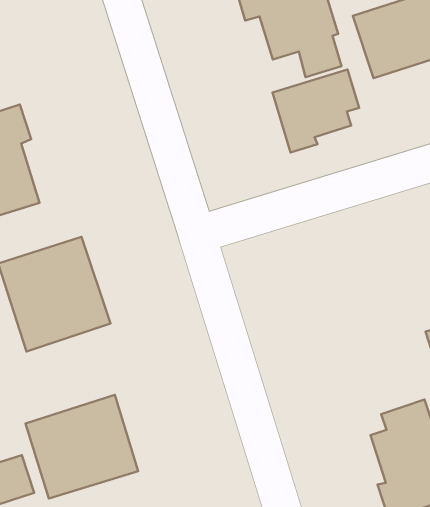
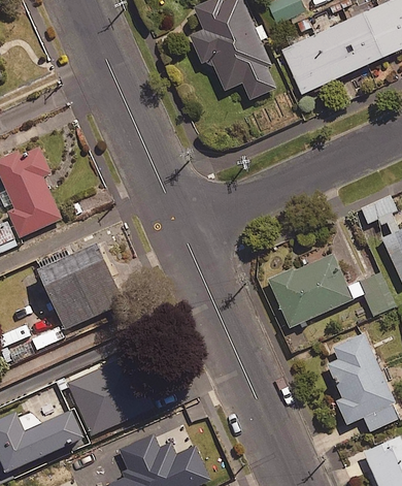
building: [272,69,359,153] -> none
building: none -> [267,252,353,326]

